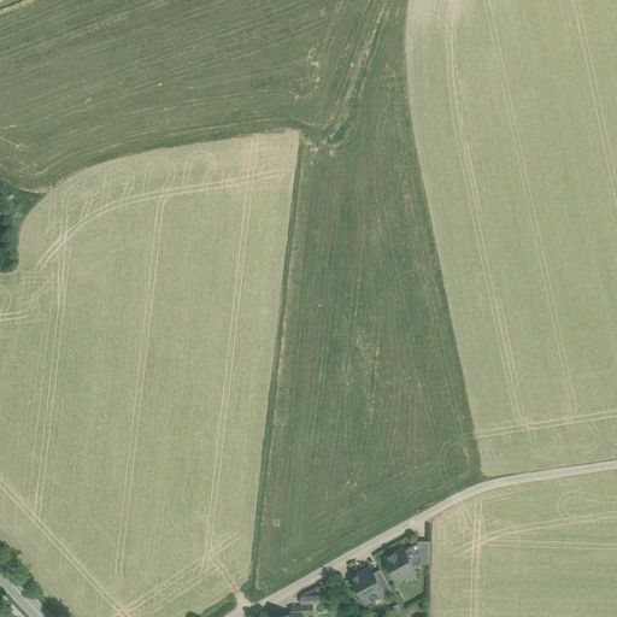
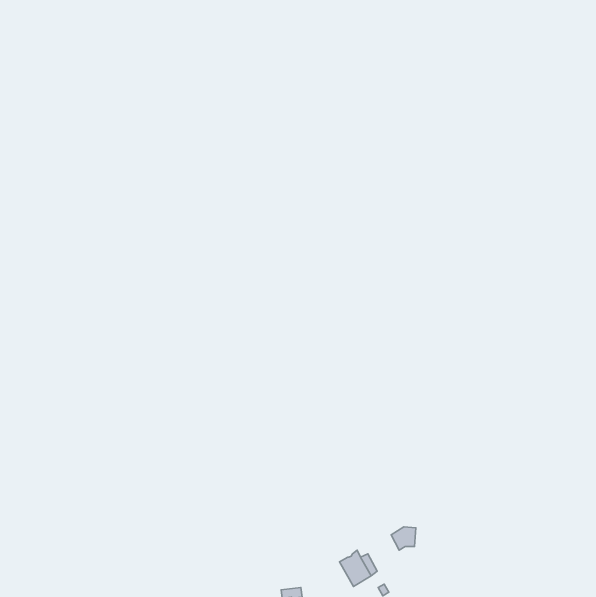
building: [383,552,415,583] -> none

